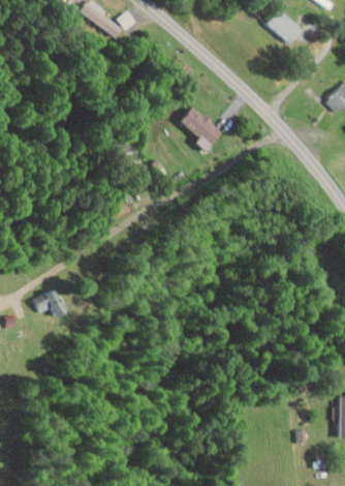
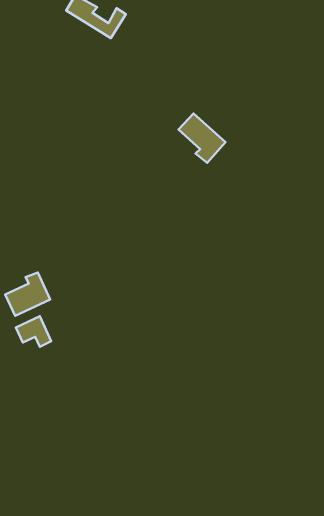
building: [265,9,303,45] -> none
building: none -> [5,273,50,316]

